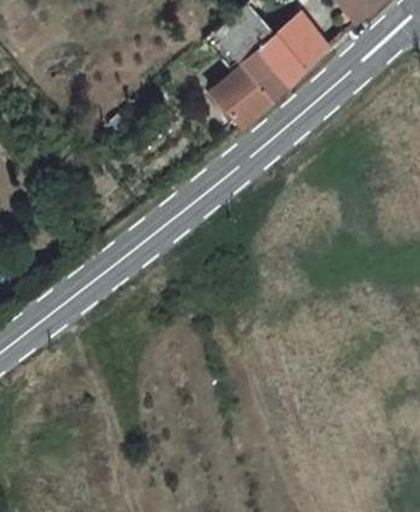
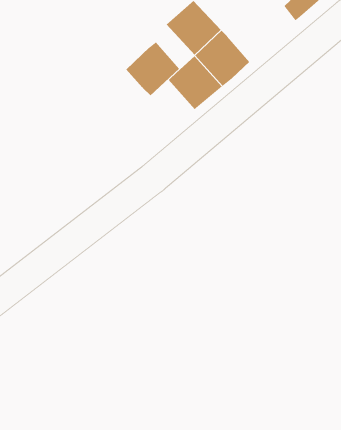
building: [278,20,329,72] -> none
building: none -> [125,41,180,96]

